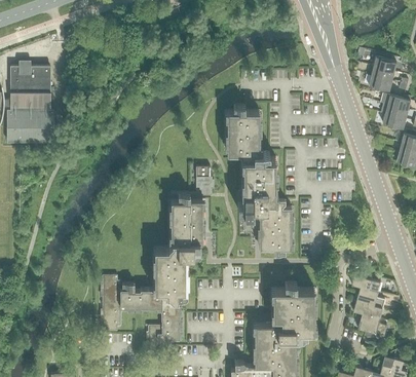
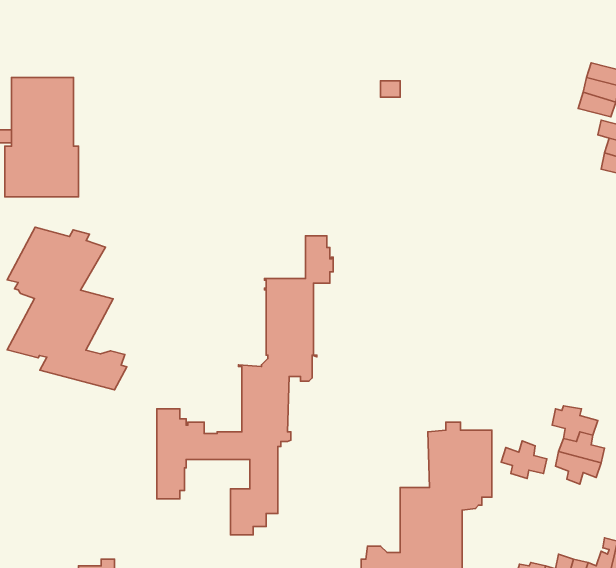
building: [228,106,291,256] -> none
building: none -> [7,227,127,390]
building: [357,315,386,339] -> [501,441,547,478]

